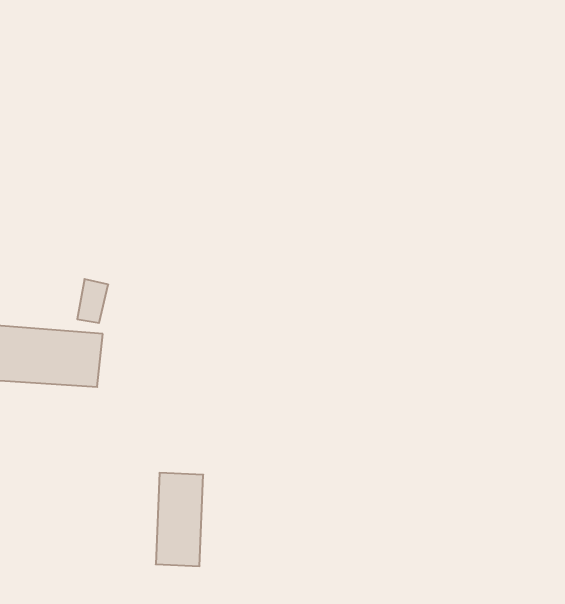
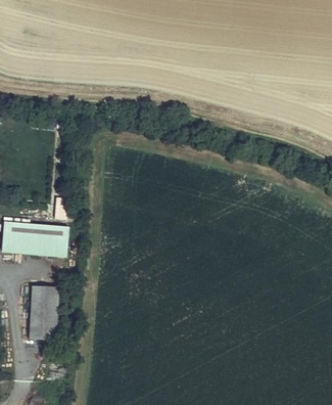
building: [156,473,203,566] -> [33,284,59,336]

